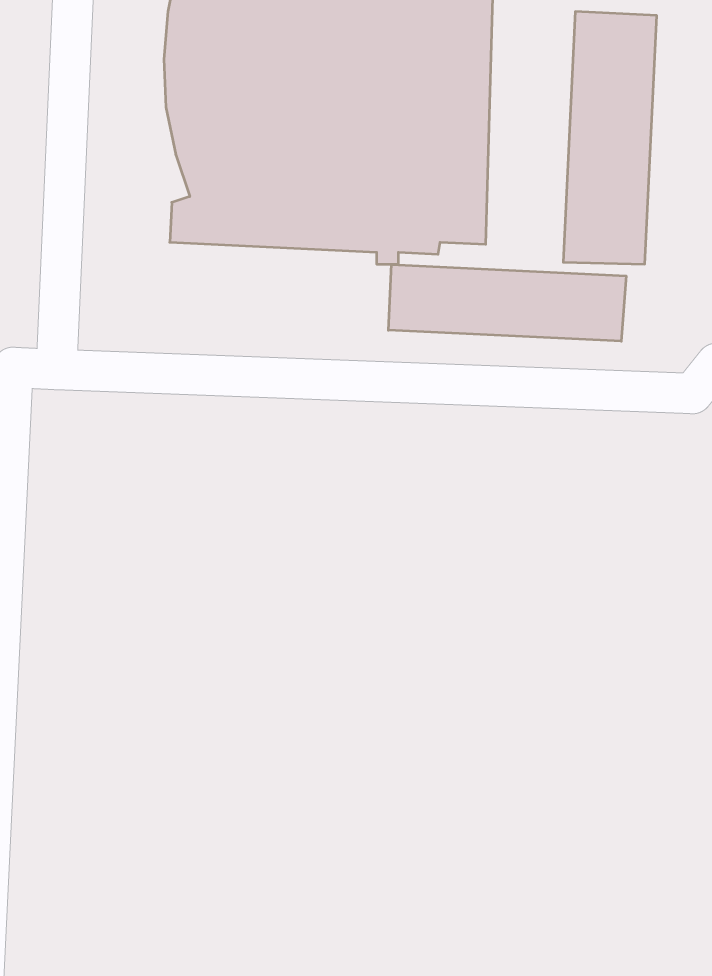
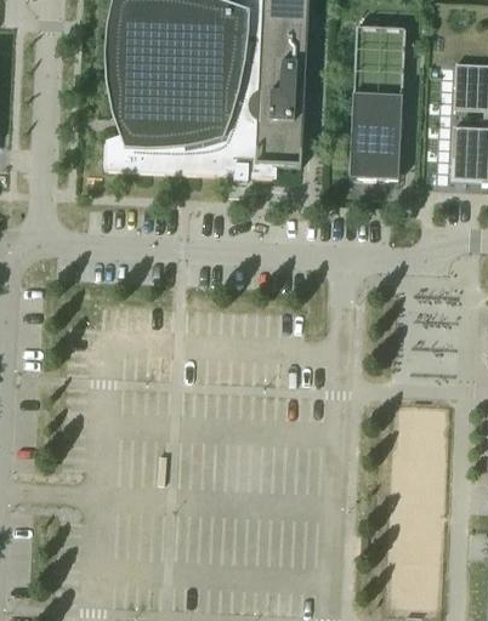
building: [388,265,626,341] -> none

